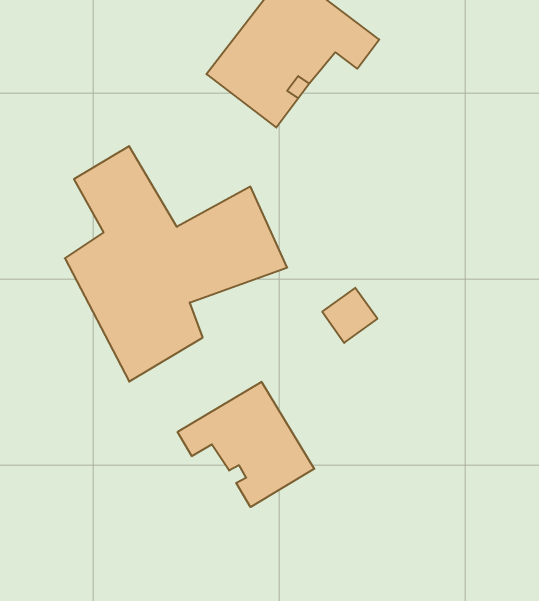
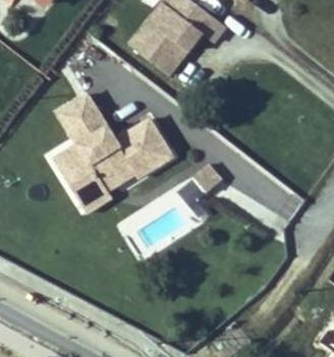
building: [178,382,314,507] -> none

